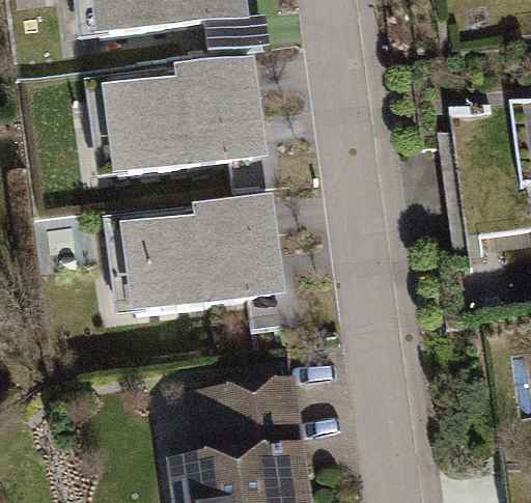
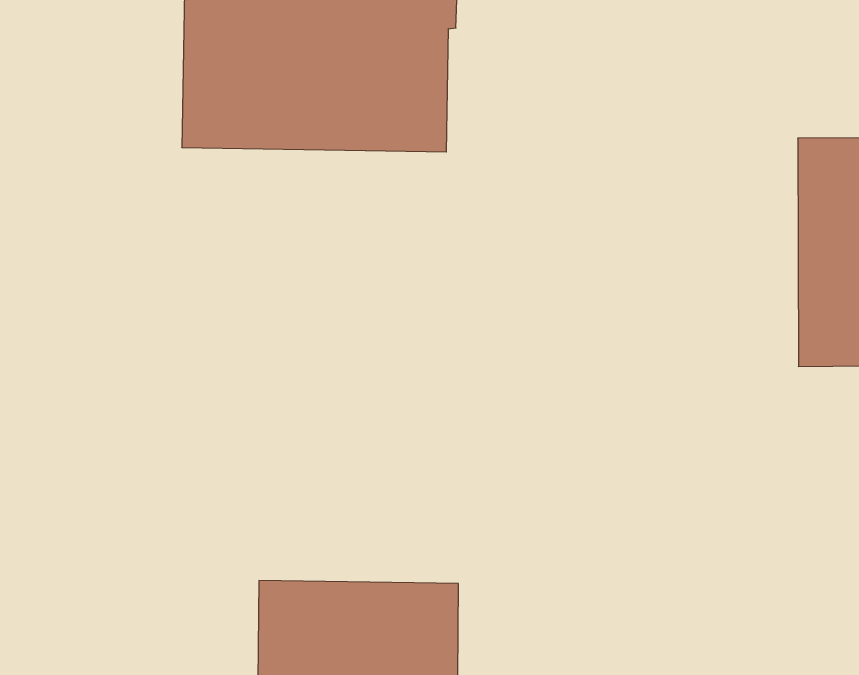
building: [120,193,278,311] -> none

